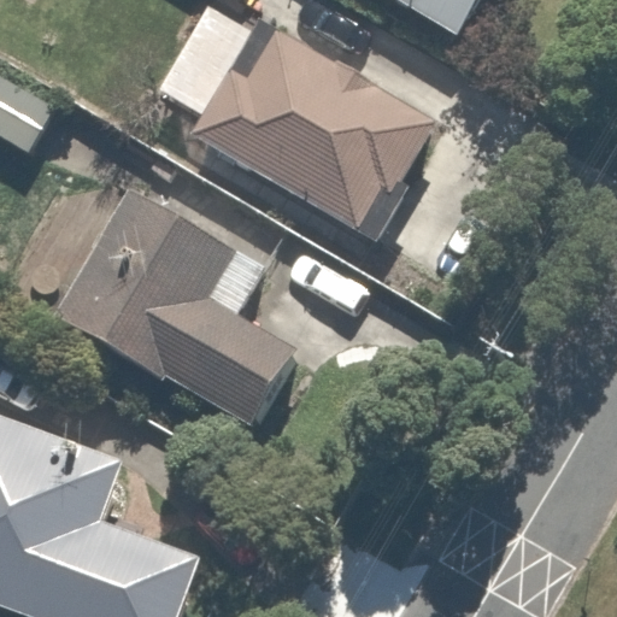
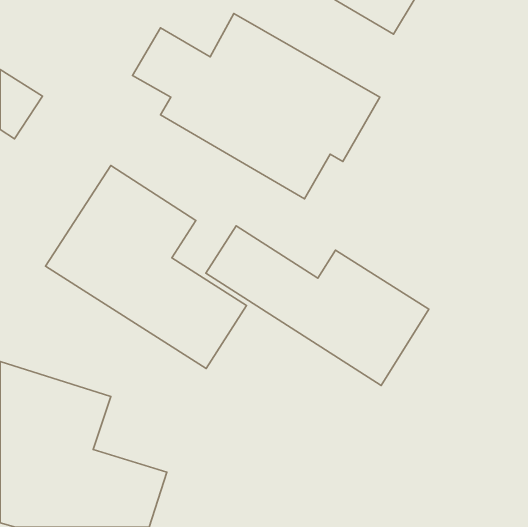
building: none -> [206,226,429,386]

